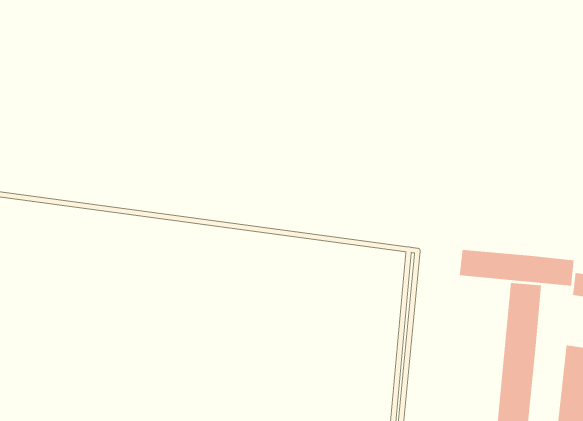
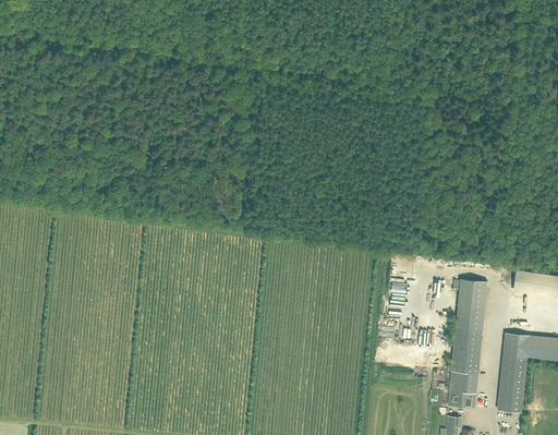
building: [459,249,574,287] -> none

